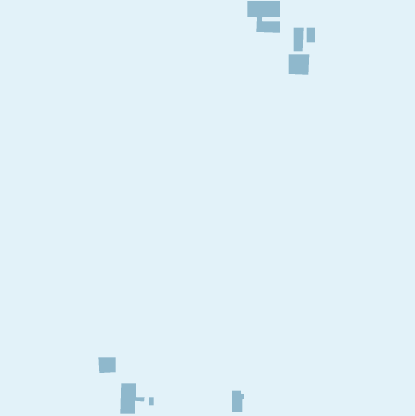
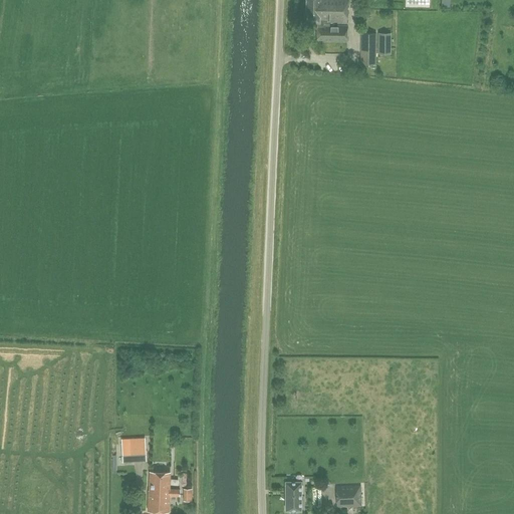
building: [288,54,310,75] -> none
building: none -> [335,484,360,507]

